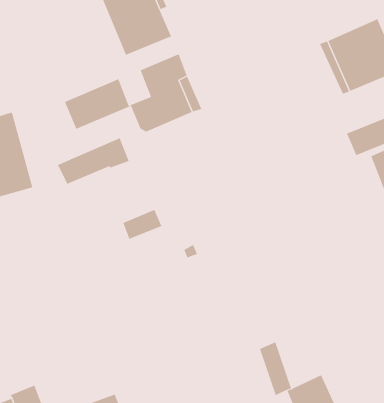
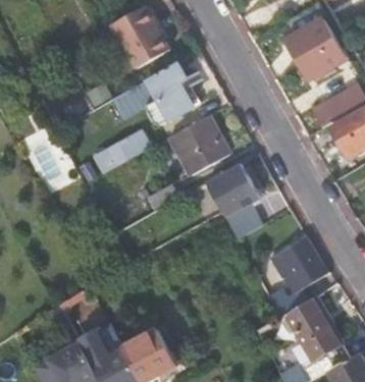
building: none -> [169,117,228,176]
building: none -> [213,180,257,227]
building: none -> [270,236,324,289]

